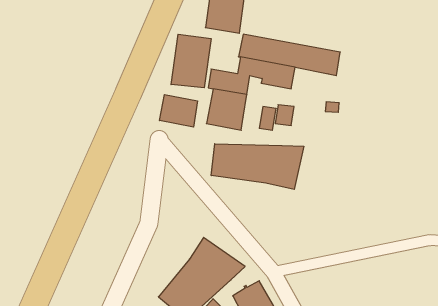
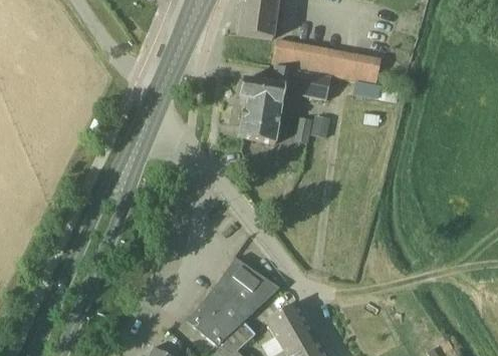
building: [171,34,211,88] -> none
building: [160,95,197,127] -> none
building: [211,144,304,189] -> none

